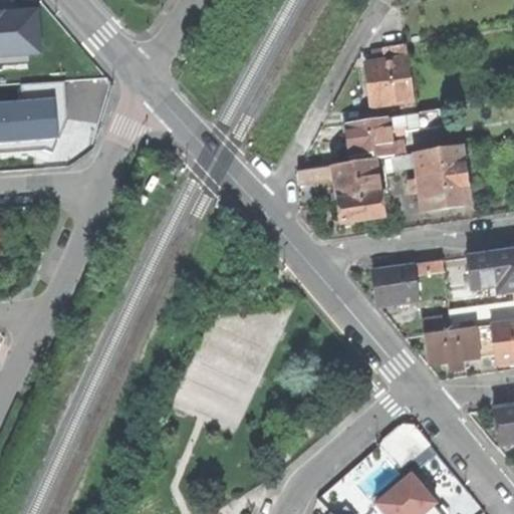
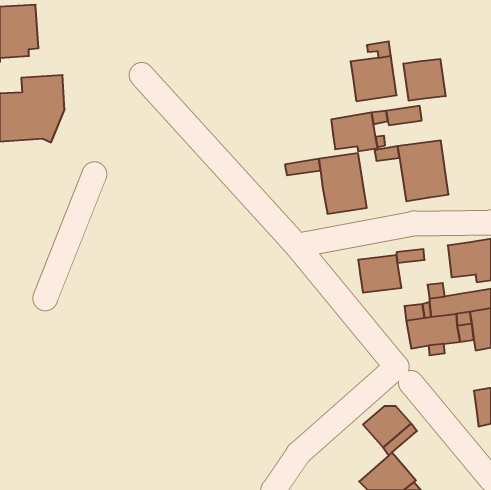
building: none -> [403,59,446,101]

